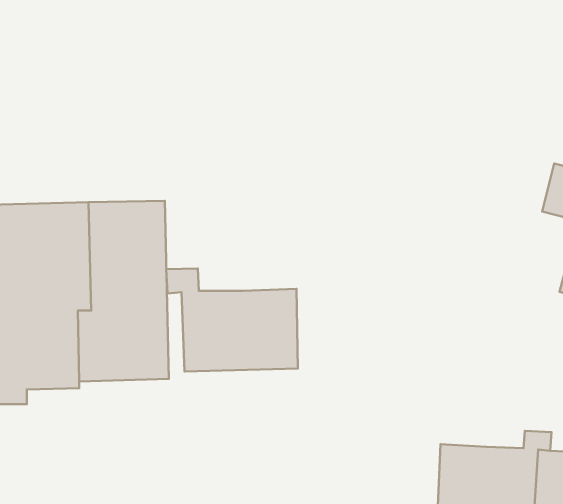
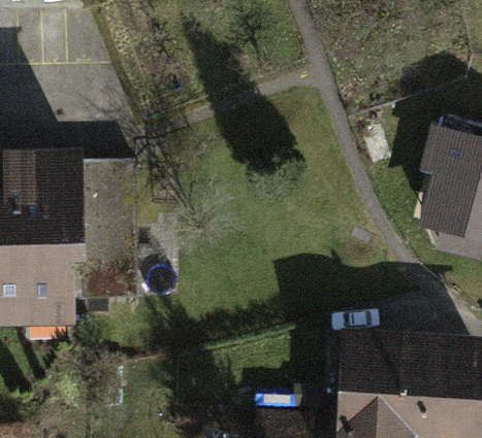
building: [166,269,298,372] -> none

